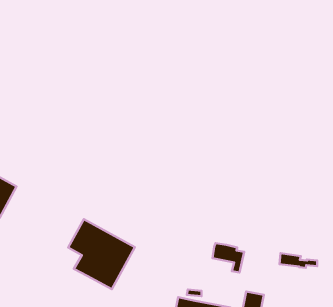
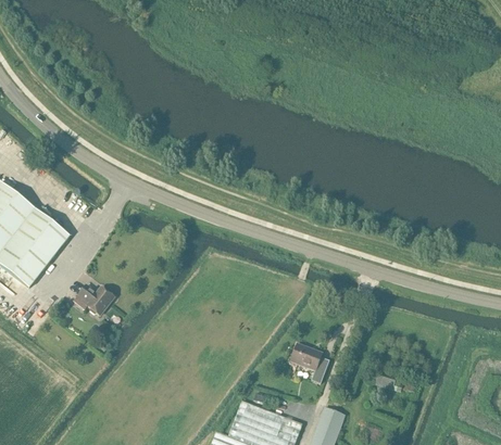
building: [68,219,135,289] -> none
building: none -> [78,284,114,315]

